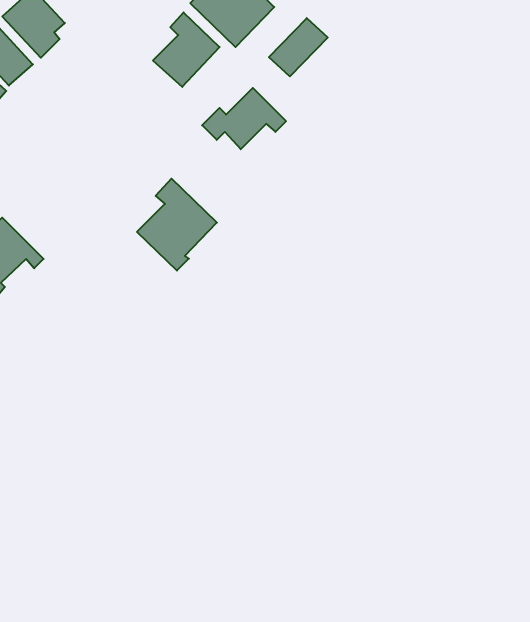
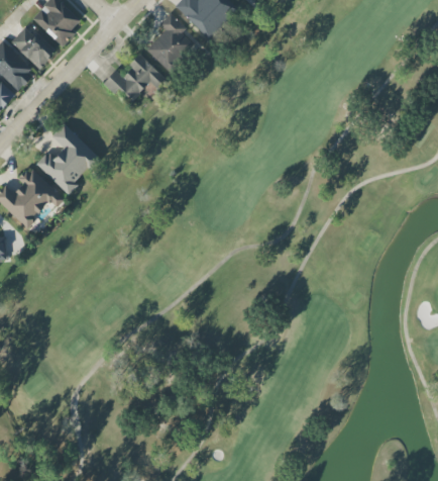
building: [269,18,328,76] -> none
building: [202,88,286,149] -> [102,55,166,101]
building: [137,179,217,271] -> [37,124,98,194]

